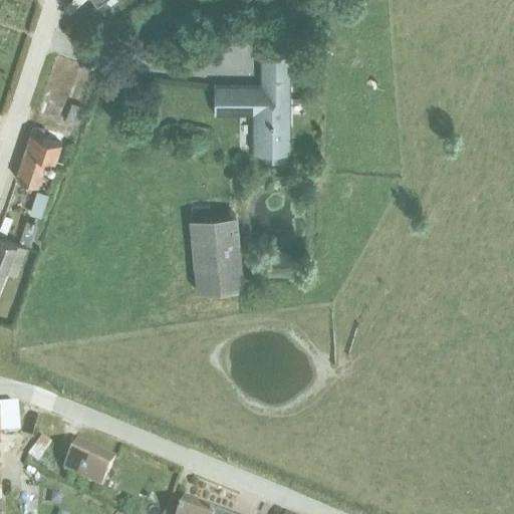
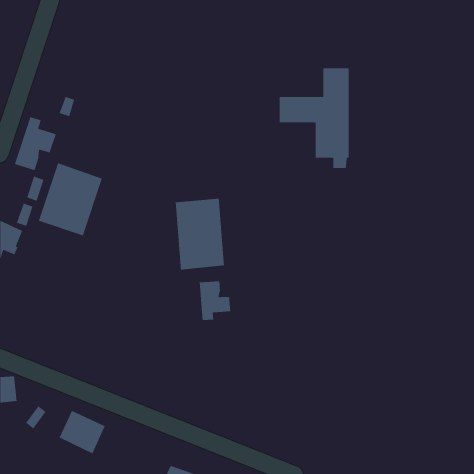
building: [213,53,289,163] -> [279,67,349,169]
building: none -> [38,162,103,237]
building: none -> [199,281,231,321]

